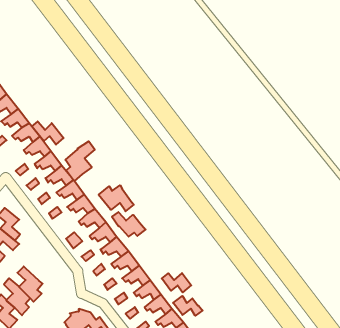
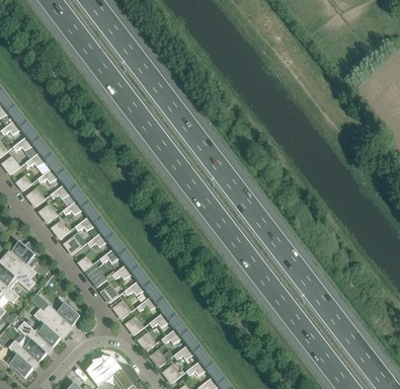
building: [32,121,64,145] -> none
building: [65,141,95,181] -> none
building: [99,185,134,211] -> none
building: [112,212,146,237] -> none
building: none -> [43,301,80,324]
building: [162,273,191,292] -> none
building: [173,296,203,316] -> none

